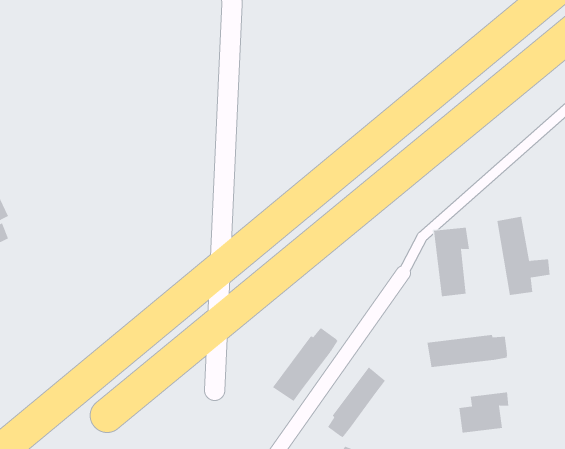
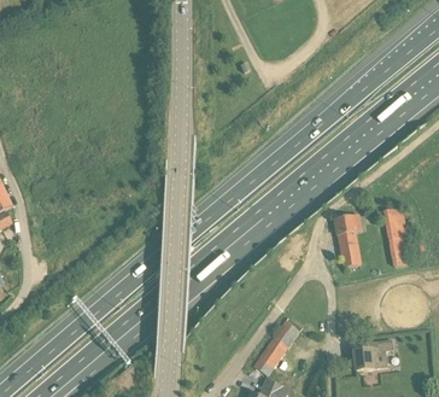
building: [272,327,338,402] -> none
building: [427,334,507,368] -> none

